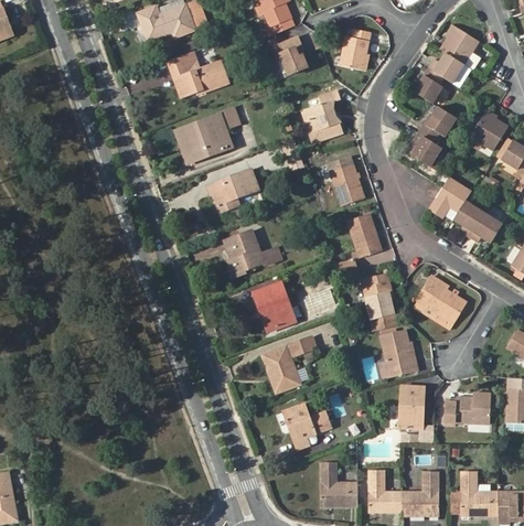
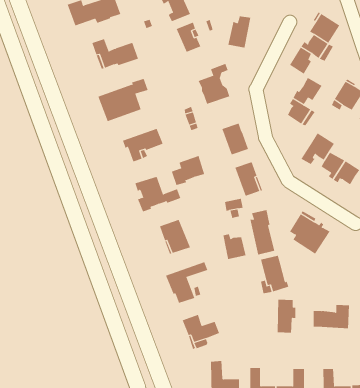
building: none -> [171,155,205,186]
building: none -> [223,233,246,260]

